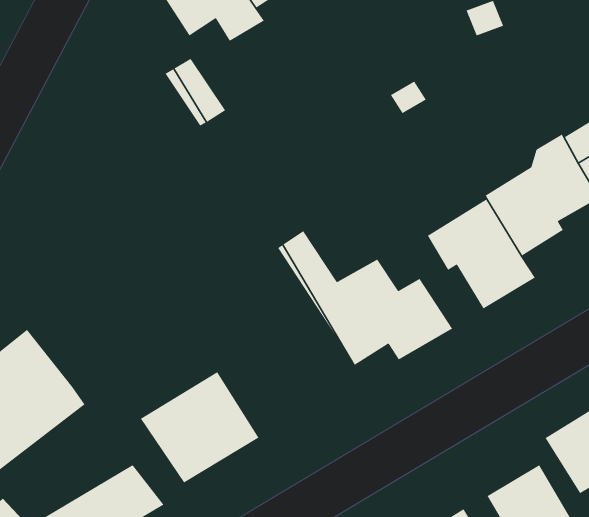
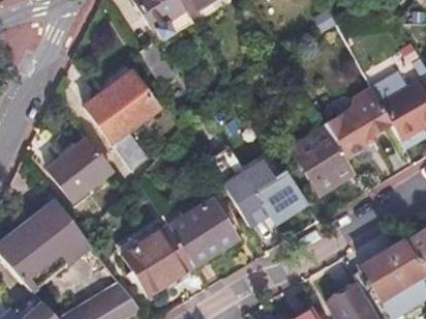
building: none -> [84,71,158,170]
building: none -> [47,138,111,200]
building: none -> [169,200,238,266]

